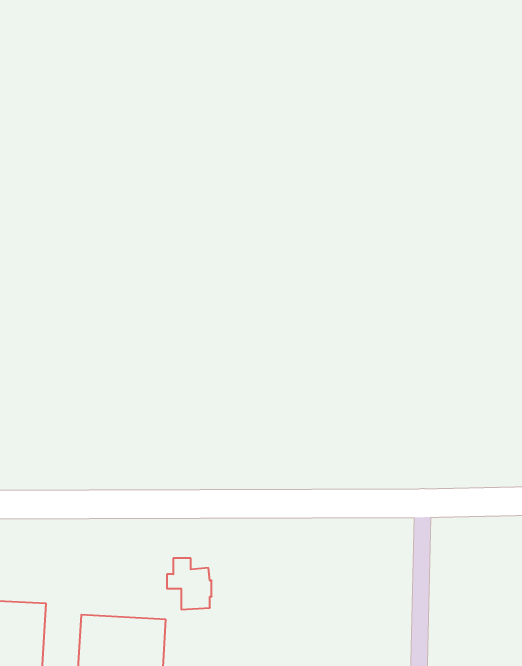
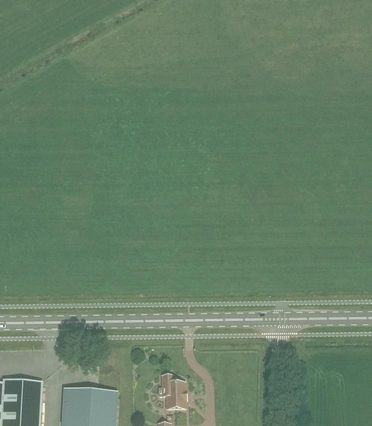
building: [167,558,212,609] -> [158,375,186,407]

